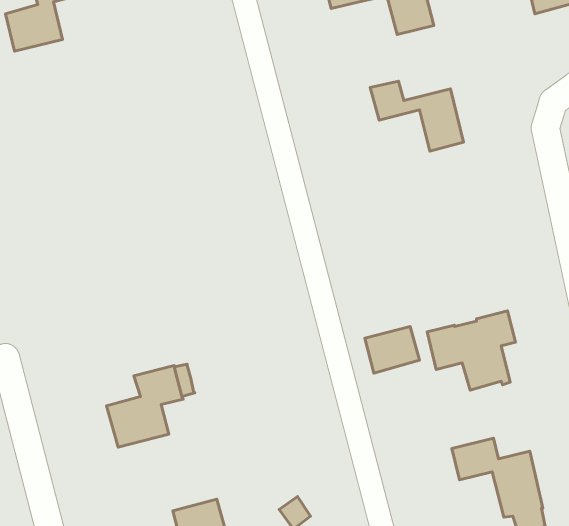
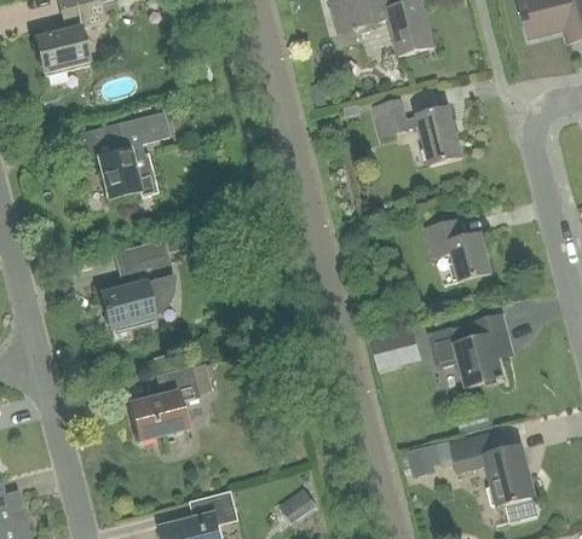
building: none -> [96,112,168,199]
building: none -> [426,219,491,282]
building: none -> [99,239,174,329]
building: none -> [409,440,448,473]

